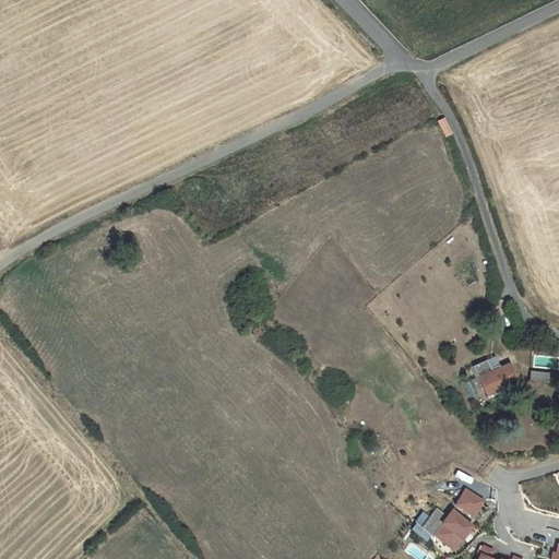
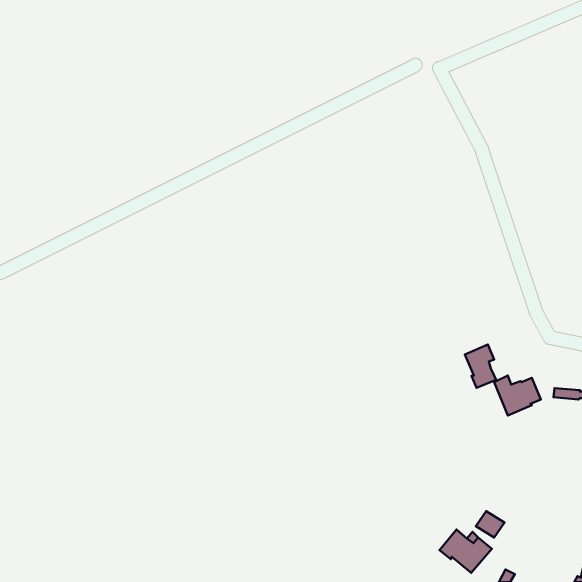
building: none -> [465,345,496,388]

